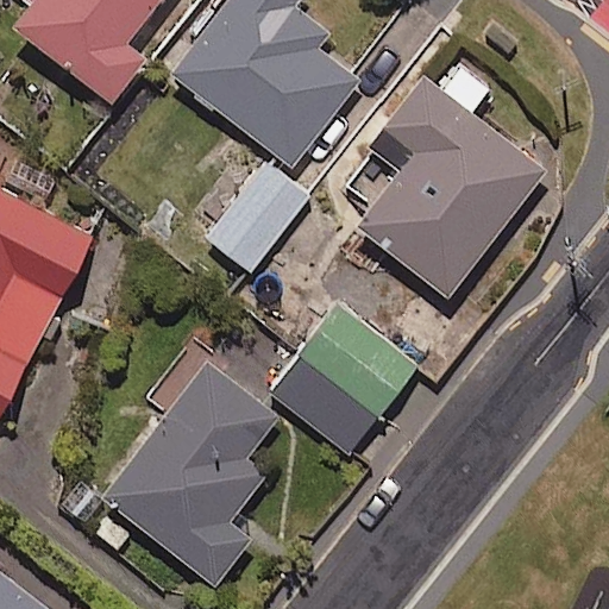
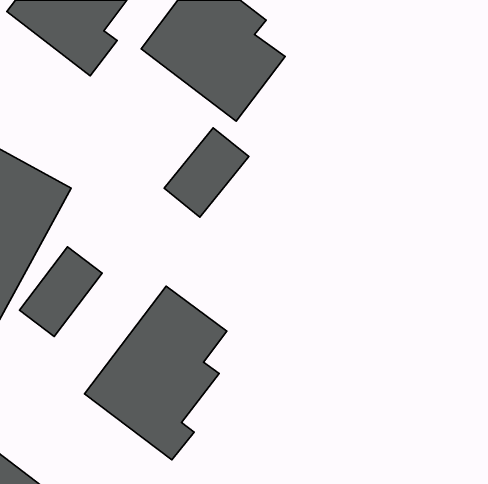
building: [358,74,544,290] -> none
building: [268,309,415,459] -> none
building: none -> [19,247,102,336]

